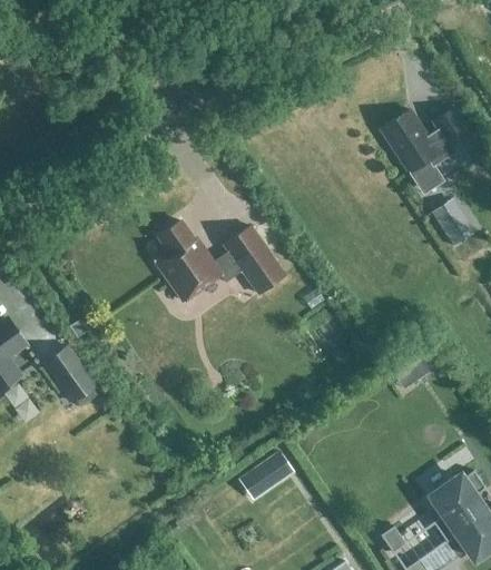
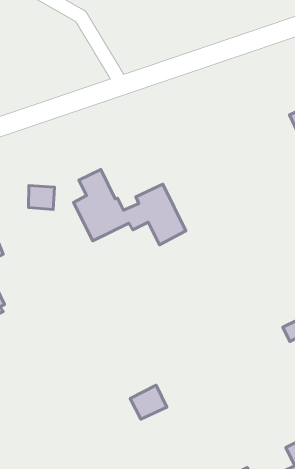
building: none -> [28,186,55,210]

